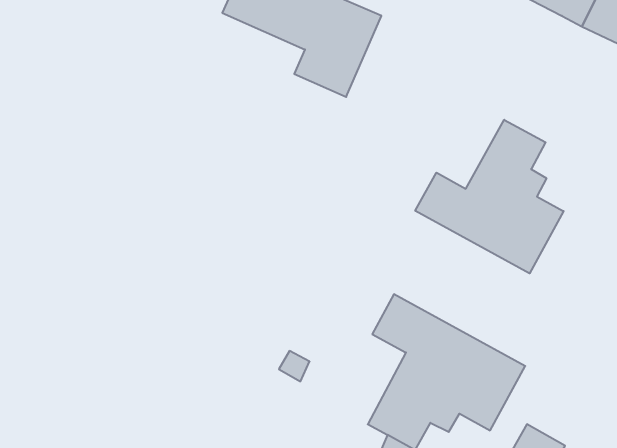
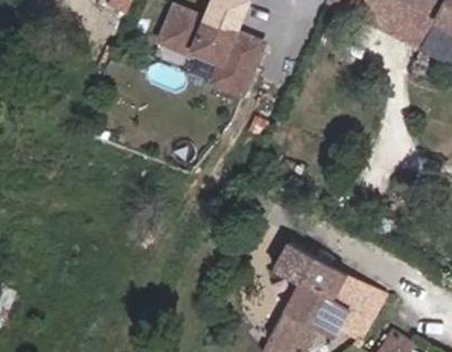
building: [415,120,564,273] -> none

